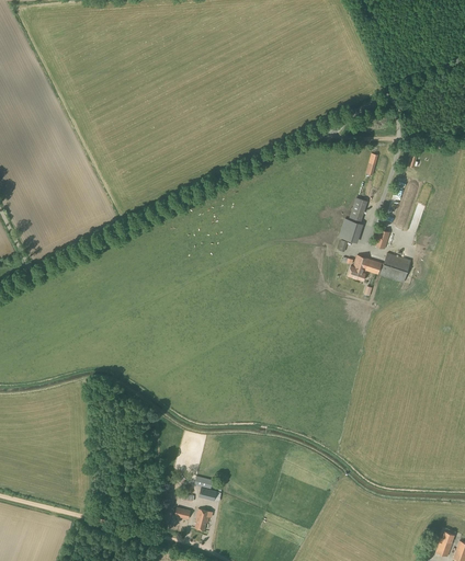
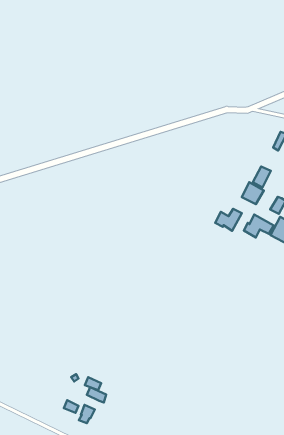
building: none -> [215,209,242,231]

